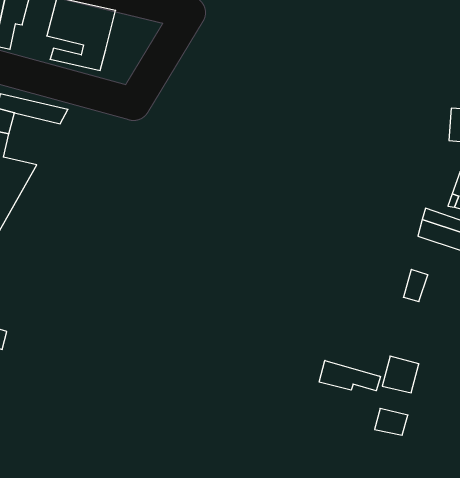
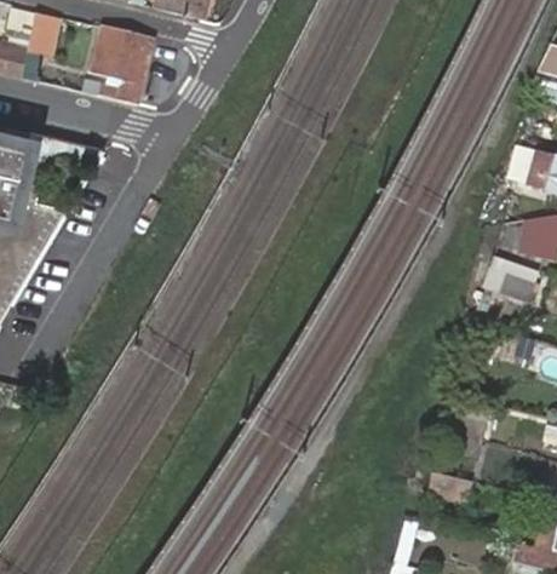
building: [319,360,380,391] -> none

